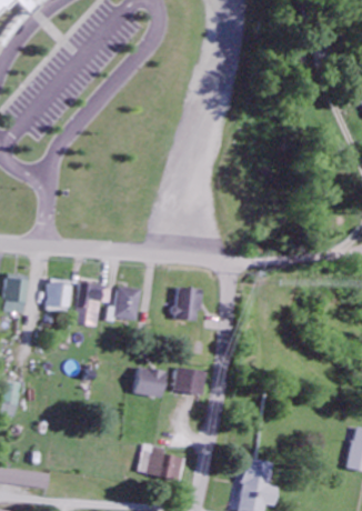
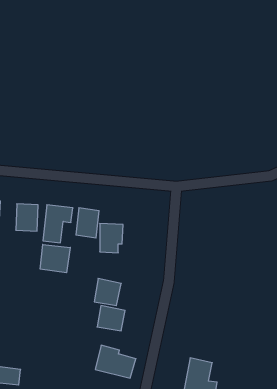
building: [175,288,202,321] -> [100,224,123,253]
building: none -> [40,244,70,273]
building: [173,367,205,395] -> [97,306,125,331]

